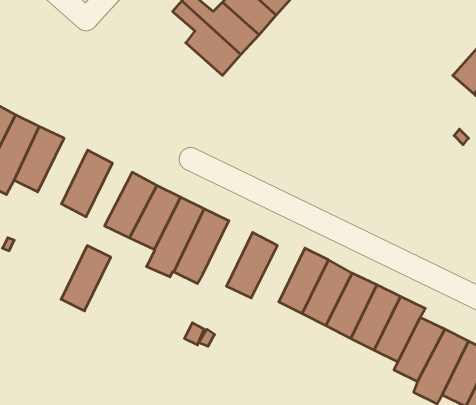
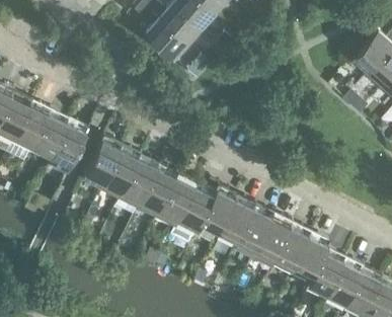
building: none -> [158,173,197,224]
building: none -> [199,186,237,236]
building: [61,246,111,311] -> [30,109,69,160]

